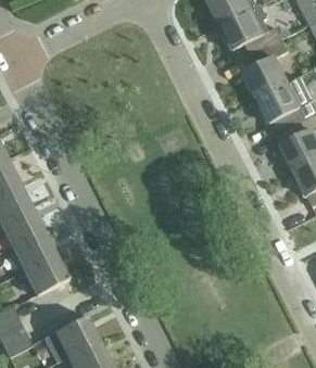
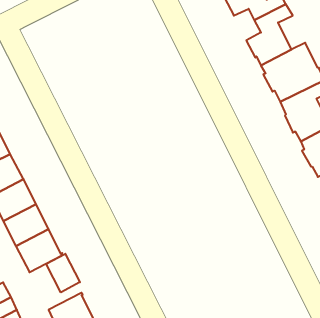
building: none -> [46,254,80,292]

